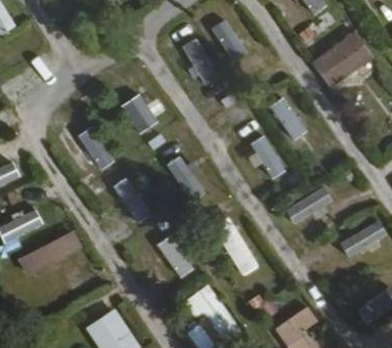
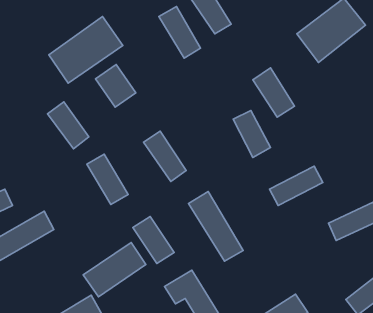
building: none -> [49,17,123,83]
building: none -> [83,243,146,297]

